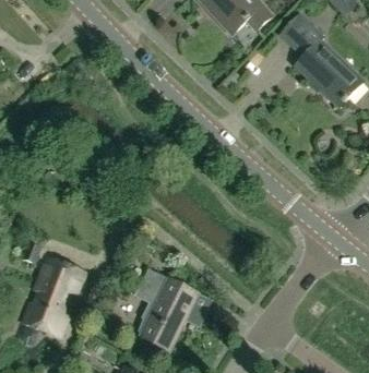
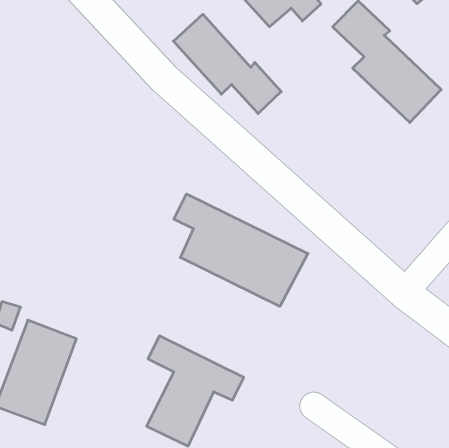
building: none -> [173,14,281,114]
building: none -> [174,194,308,306]

